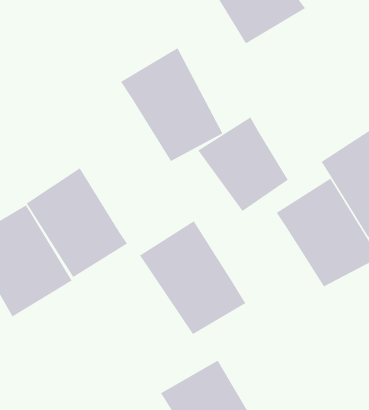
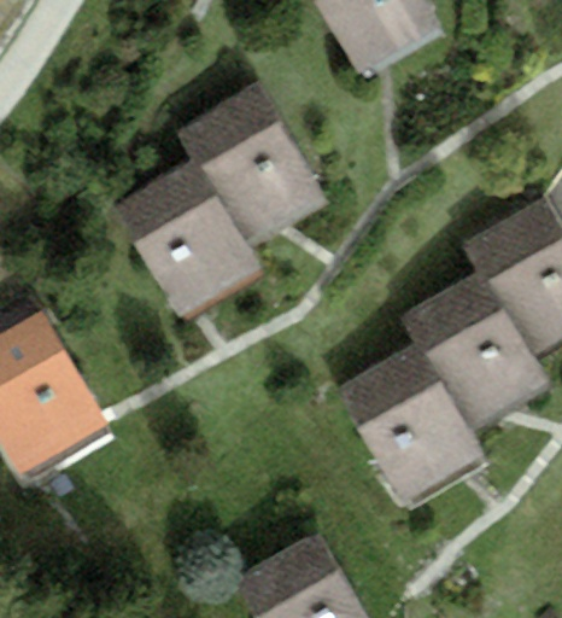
building: [198,117,289,212] -> none
building: [26,168,128,278] -> [113,154,260,314]
building: [139,220,246,335] -> [335,342,490,507]

